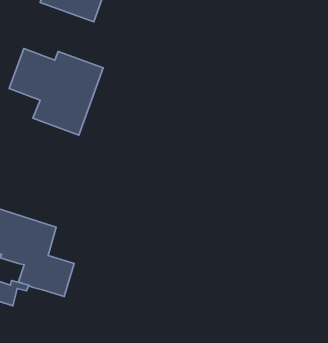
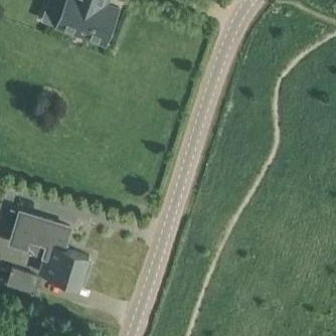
building: [9,48,103,135] -> none

